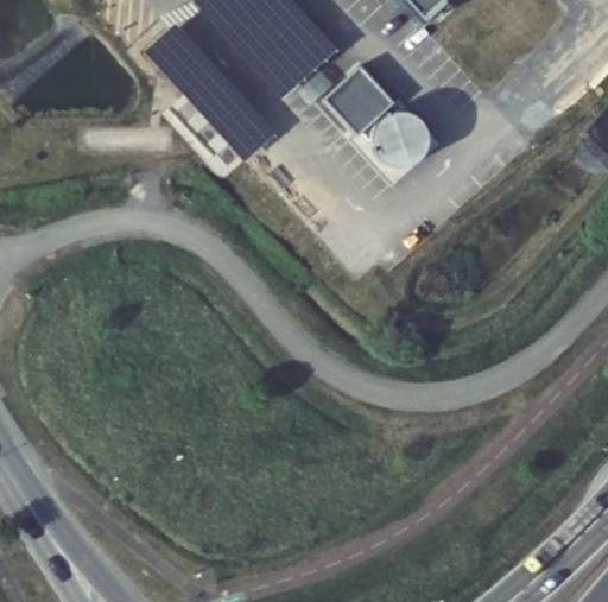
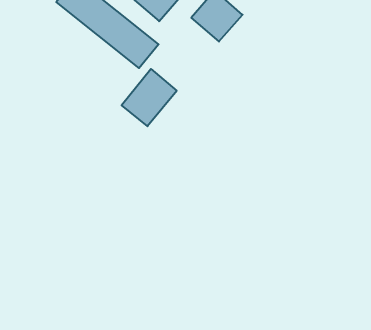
building: [378,114,425,161] -> none
building: none -> [122,69,177,126]

